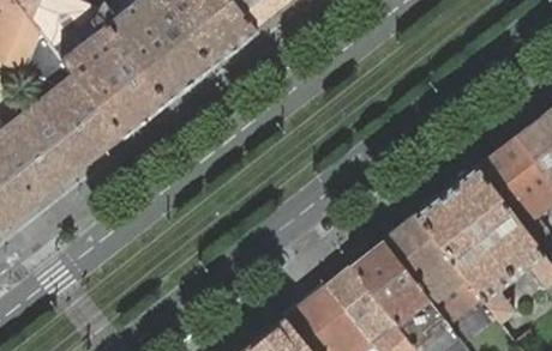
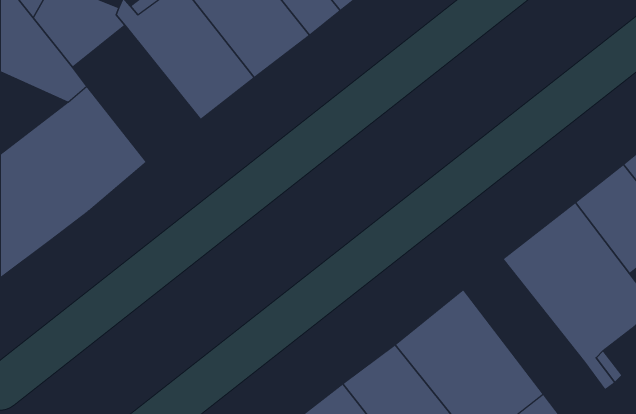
building: [60,23,166,135] -> none
building: [383,216,482,327] -> none

